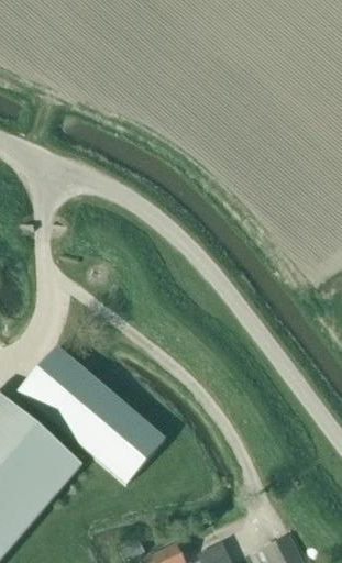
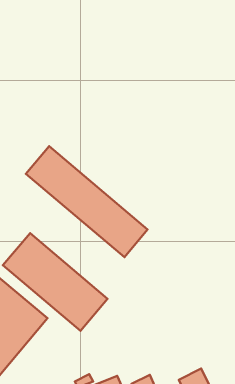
building: none -> [26,146,148,257]

